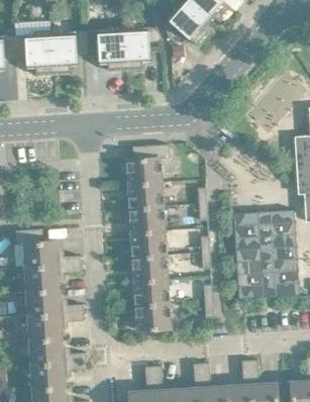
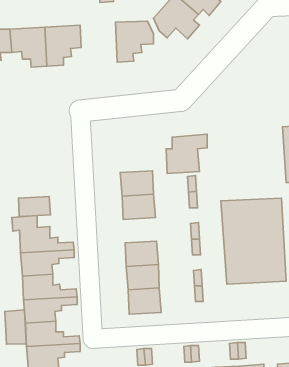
building: [86,29,124,72] -> none
building: [126,144,169,185] -> [166,134,207,173]
building: none -> [19,197,50,217]
building: [130,231,165,258] -> none
building: none -> [5,310,26,344]

